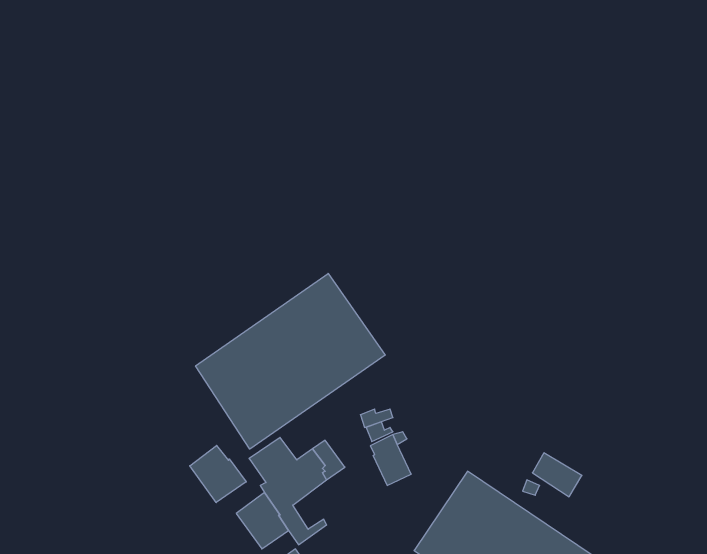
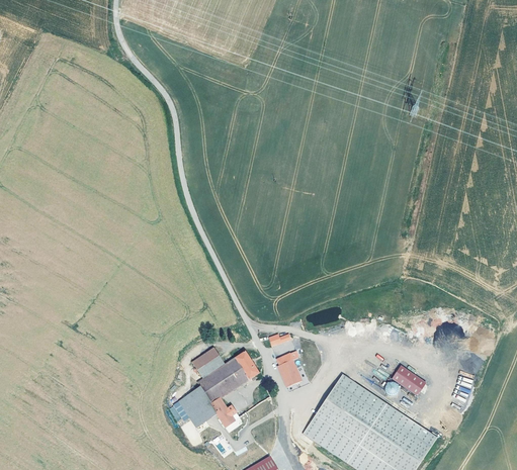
building: [196,273,385,449] -> none
building: [190,445,246,503] -> none

